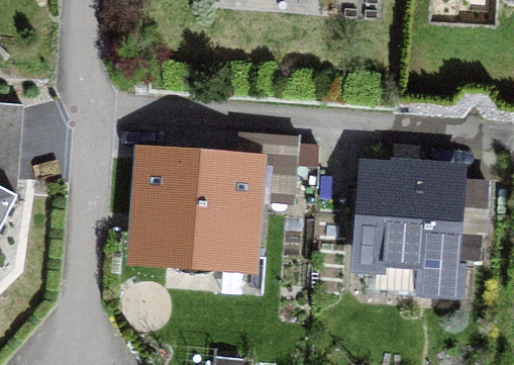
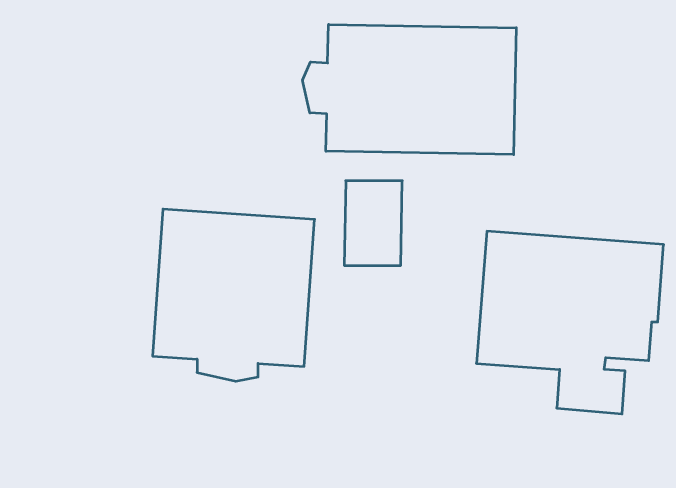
building: none -> [303,24,516,155]

